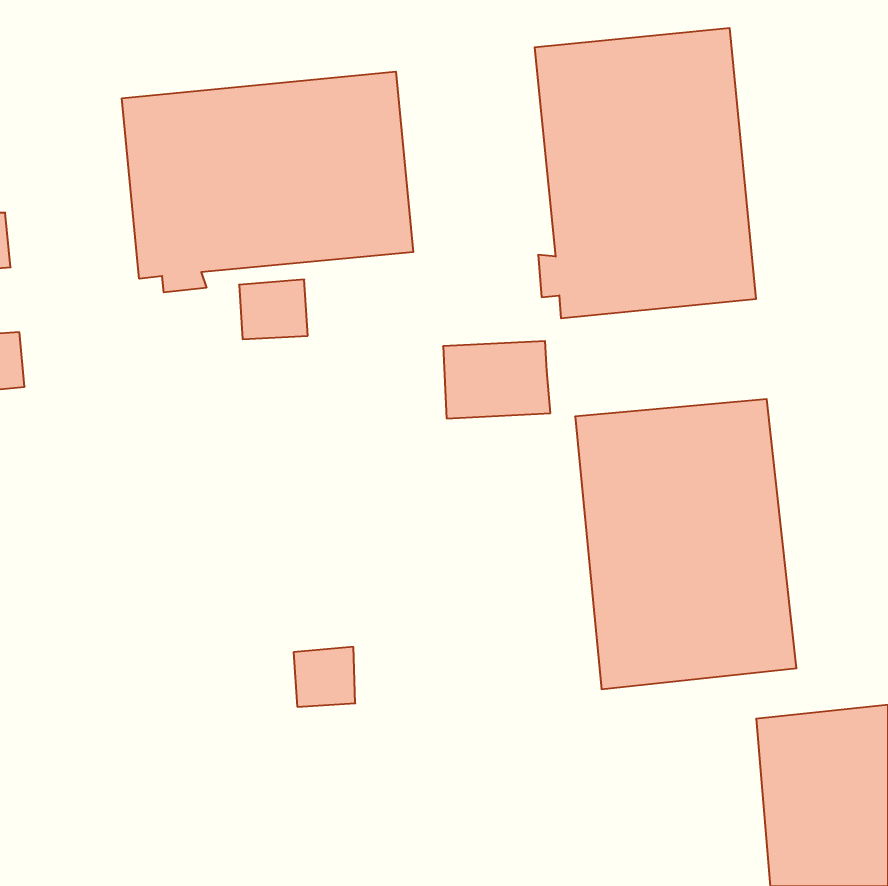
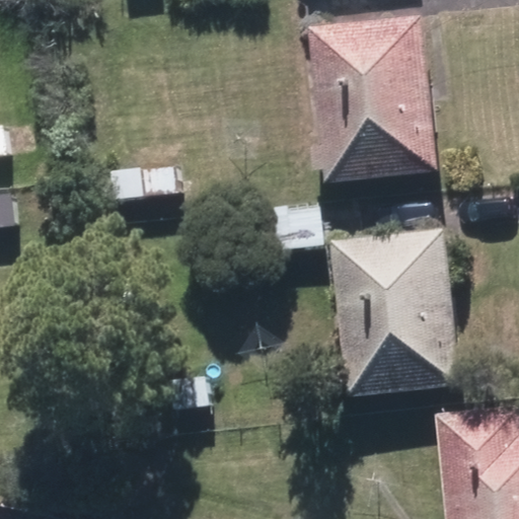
building: [122,72,413,292] -> none

